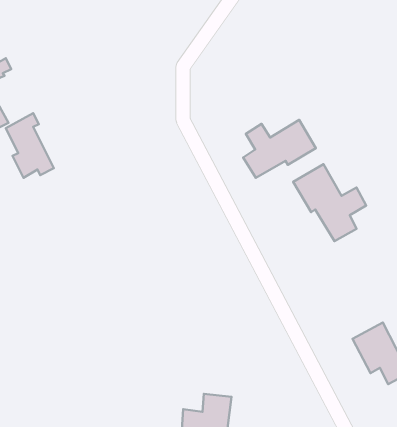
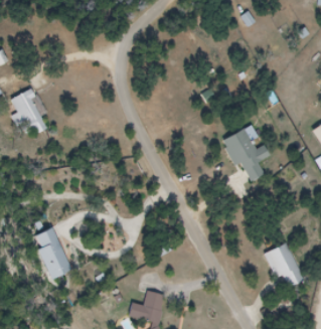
building: [243,120,316,178] -> none
building: none -> [31,224,73,280]

